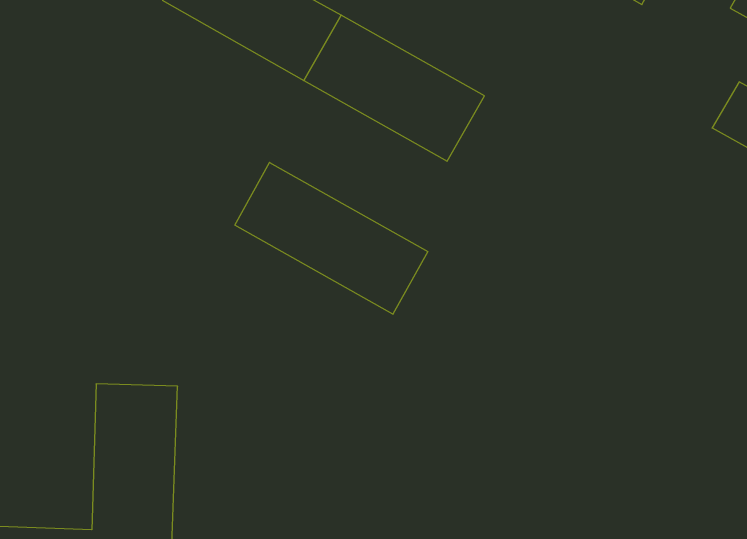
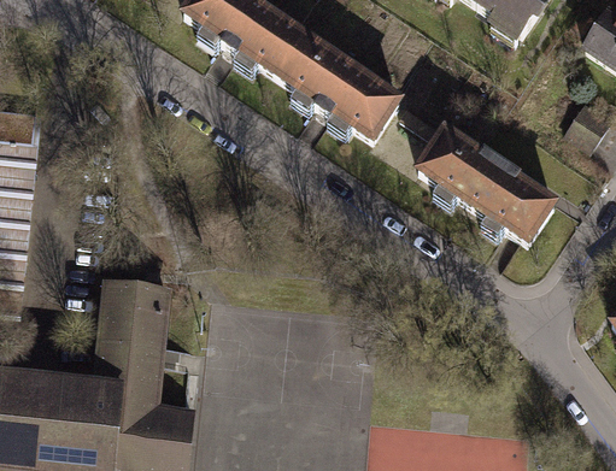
building: none -> [413,125,556,243]
building: [235,162,428,314] -> none

